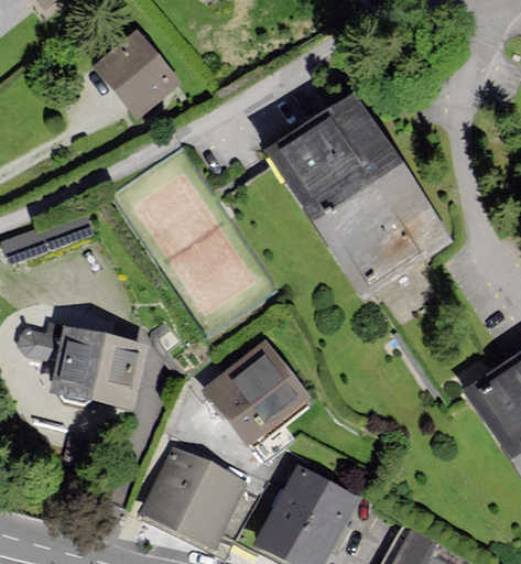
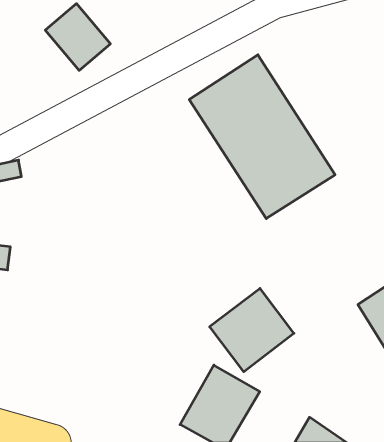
building: [55,327,143,405] -> none
building: [205,341,306,442] -> [210,288,294,372]
building: [148,451,243,544] -> none

